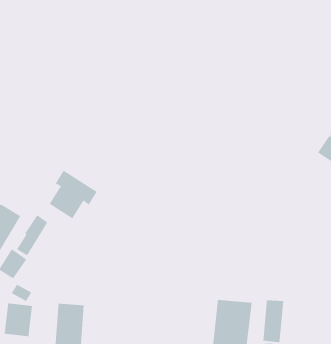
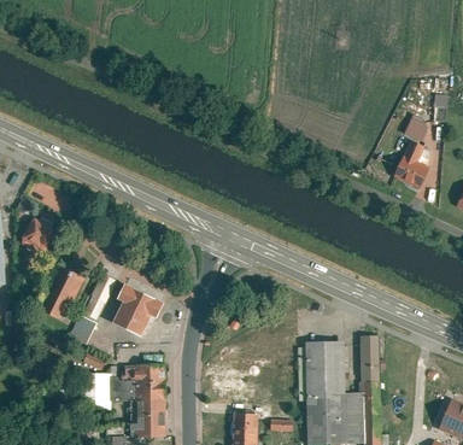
building: [49,170,97,219] -> [113,285,164,336]

